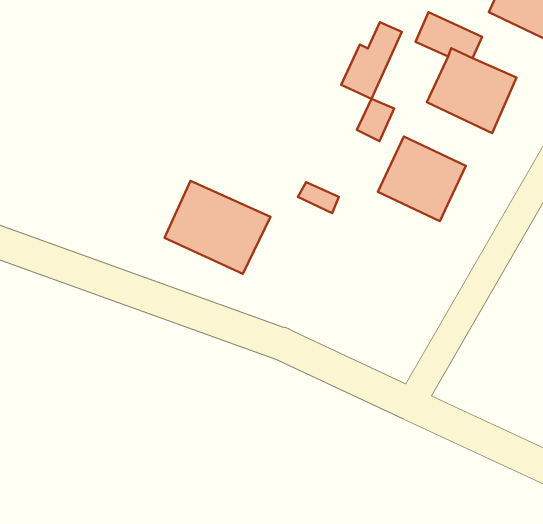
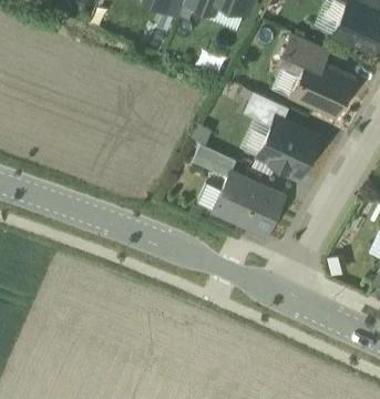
building: [341,22,402,99] -> none
building: [165,181,271,274] -> [213,174,285,237]

